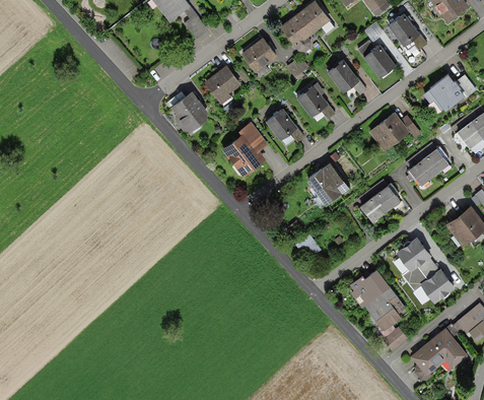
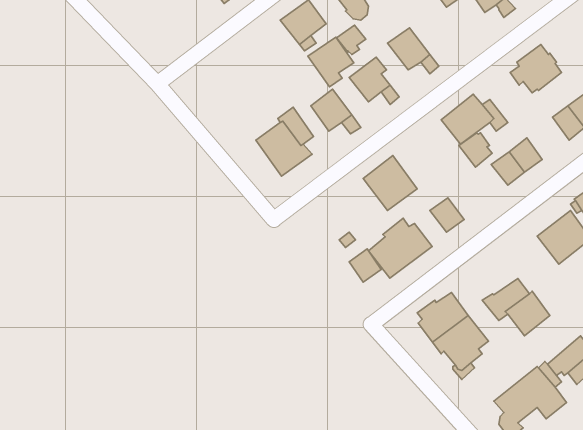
building: [362,44,396,77] -> none
building: [204,65,240,105] -> [308,37,354,87]
building: [169,90,207,132] -> none
building: [373,184,400,211] -> [459,133,492,167]
building: none -> [369,218,432,278]
building: [396,237,431,271] -> none

